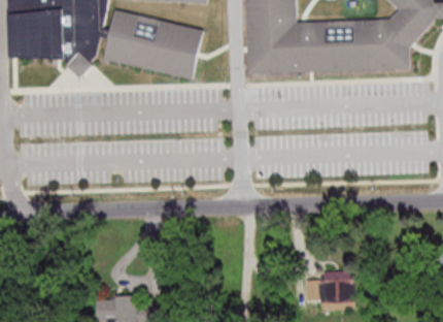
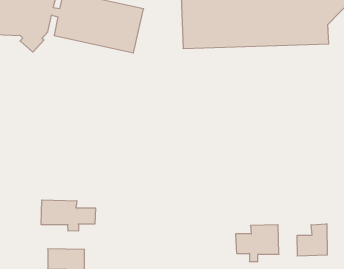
building: none -> [41,200,95,231]
building: none -> [297,224,327,256]

